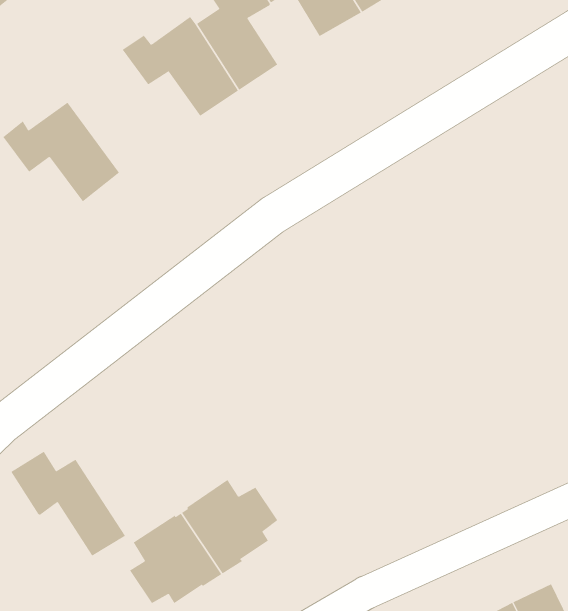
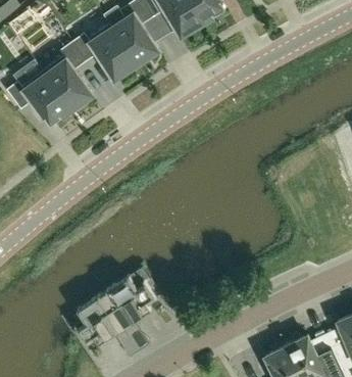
building: none -> [43,42,93,109]
building: [10,451,126,557] -> none

